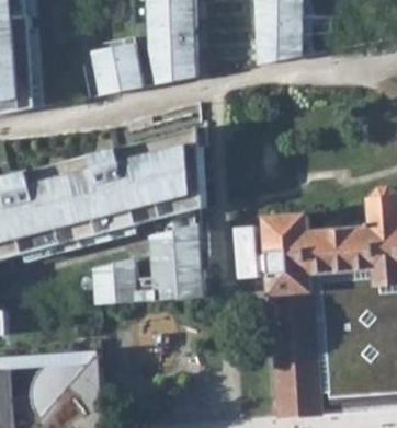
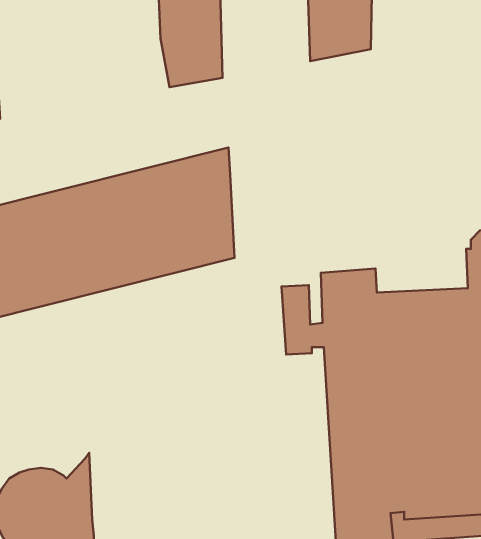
building: [93,42,143,93] -> none
building: [93,223,202,302] -> none

